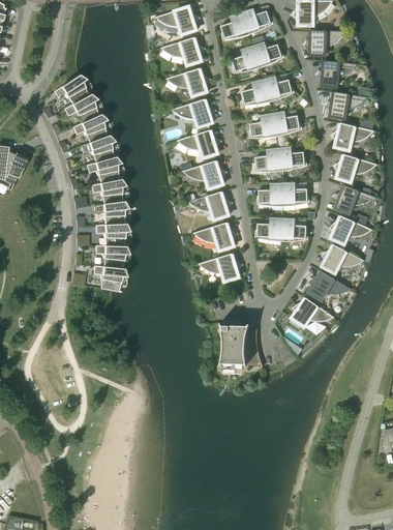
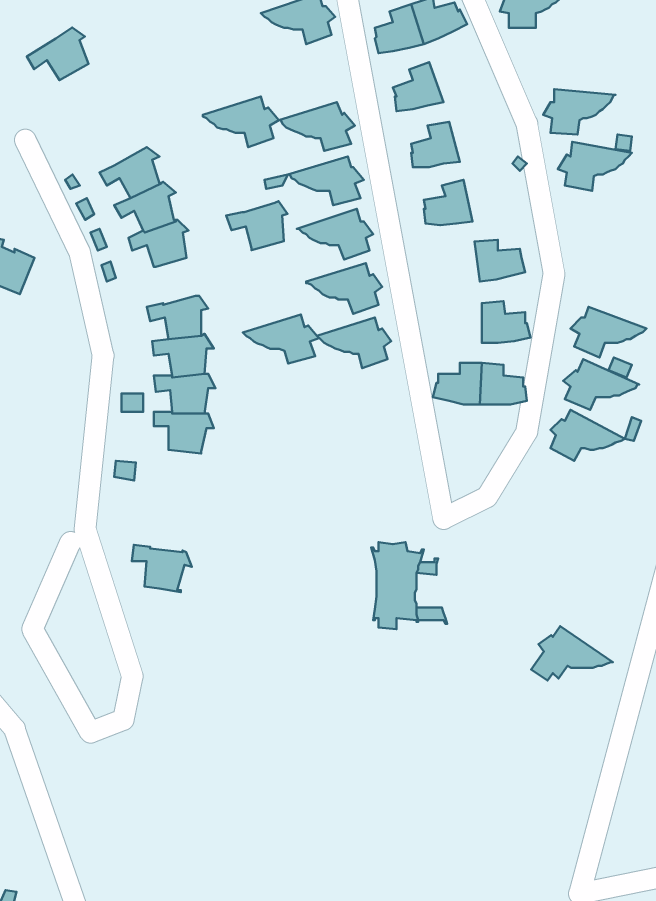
building: [305,30,345,56] -> none
building: [161,37,205,66] -> [203,97,279,147]
building: [252,41,284,68] -> none
building: [54,75,89,105] -> [27,28,88,80]
building: [264,77,295,102] -> none
building: [272,111,302,137] -> none
building: [332,123,374,151] -> none
building: [254,148,281,172] -> none
building: [334,154,377,182] -> none
building: [86,156,121,184] -> [226,201,288,250]
building: [256,183,282,206] -> none
building: [193,223,237,251] -> [243,314,319,363]
building: [199,254,242,282] -> none
building: [93,265,127,292] -> [132,545,192,592]
building: [308,271,352,300] -> none
building: [289,297,335,328] -> [531,626,613,680]

